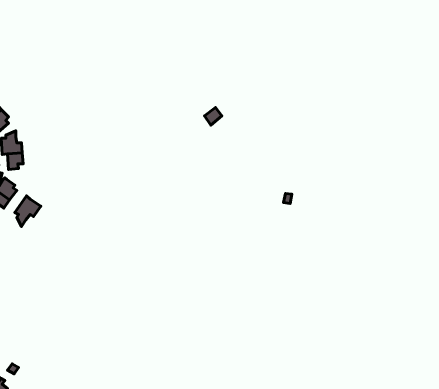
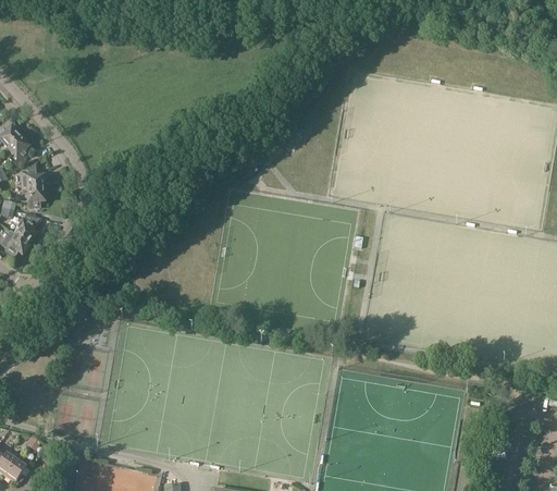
building: [15,196,41,226] -> none

